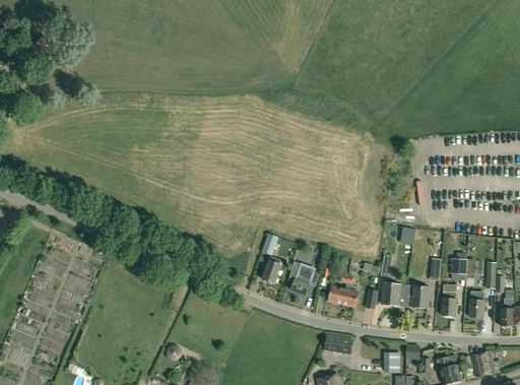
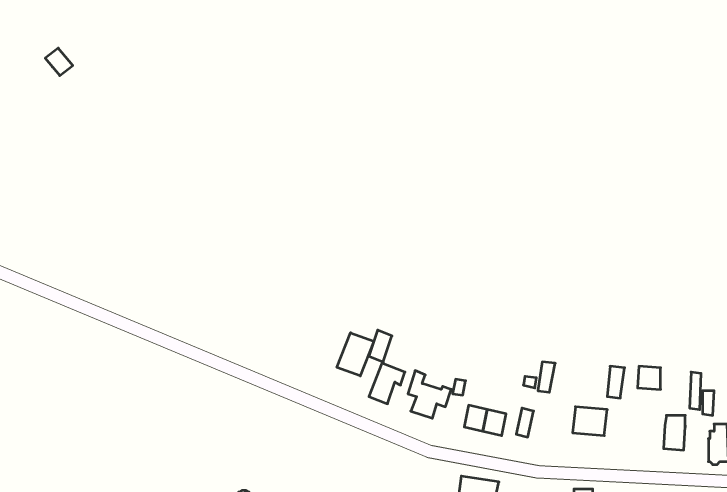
building: none -> [337,333,374,376]
building: [383,284,407,305] -> none
building: [442,284,457,316] -> none

